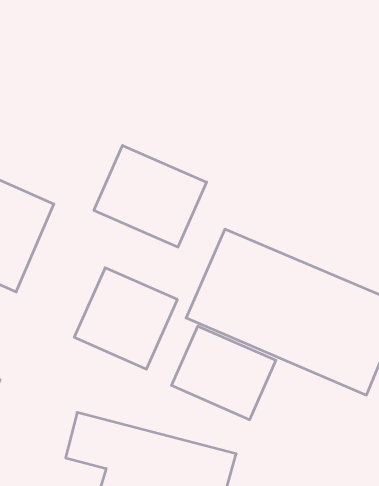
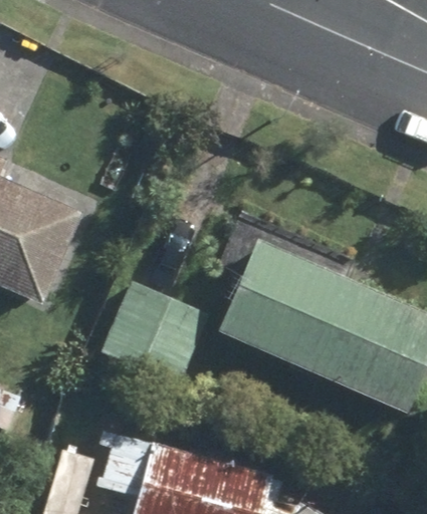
building: [94,145,207,247] -> none
building: [172,326,276,420] -> none

